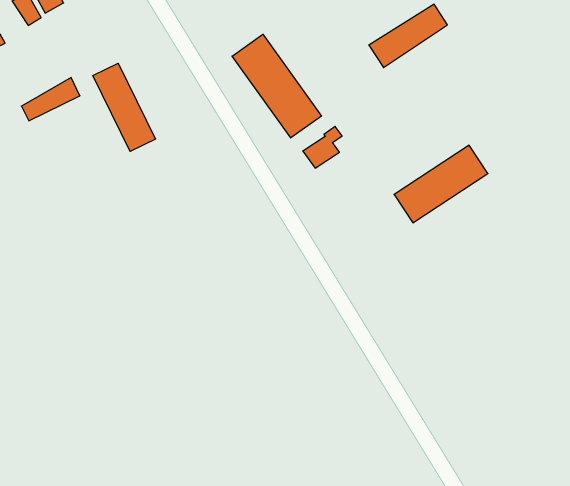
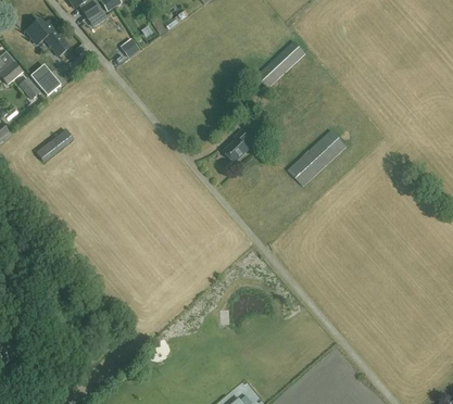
building: [232,34,321,138] -> none
building: [93,63,155,151] -> none

